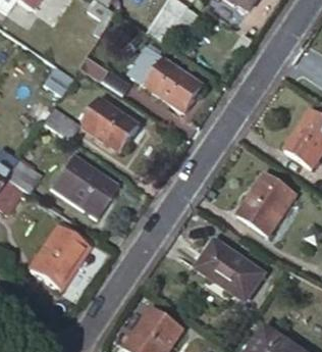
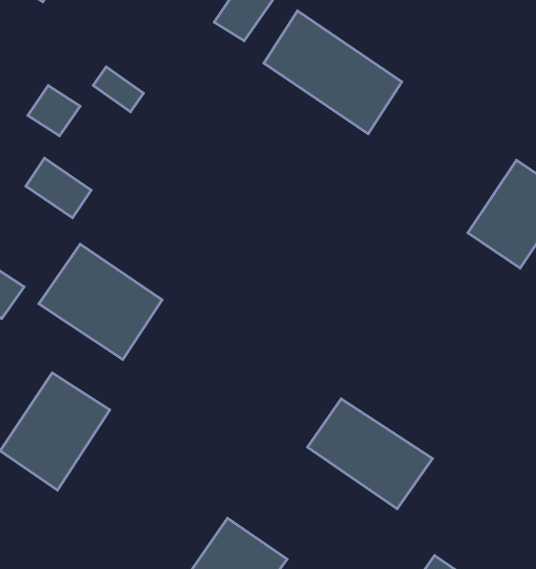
building: [128,45,204,112] -> [264,11,402,134]
building: [82,97,141,151] -> none
building: [237,172,297,235] -> none

